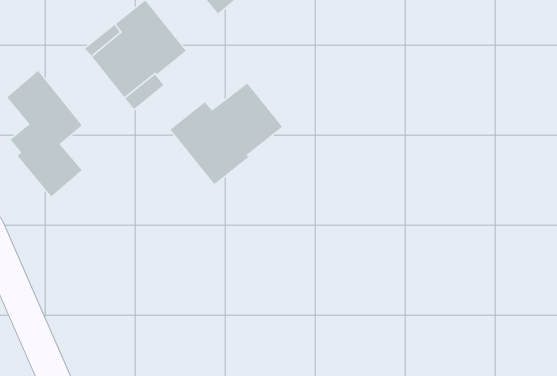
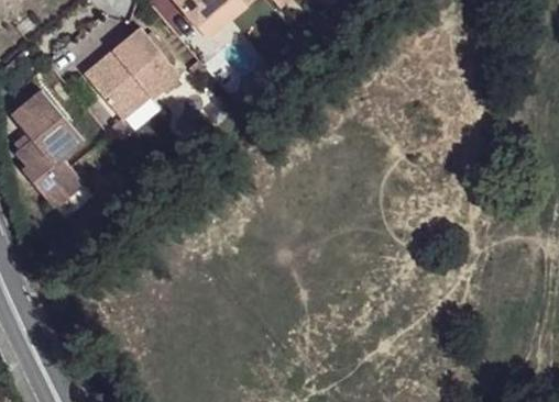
building: [169,82,283,185] -> none

